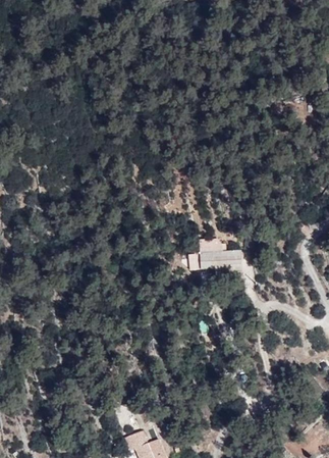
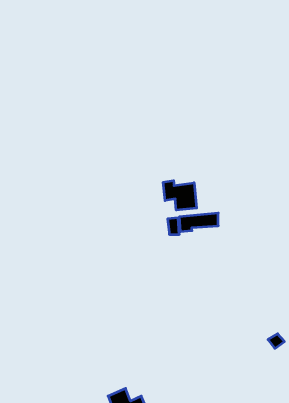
building: none -> [163,181,197,210]

